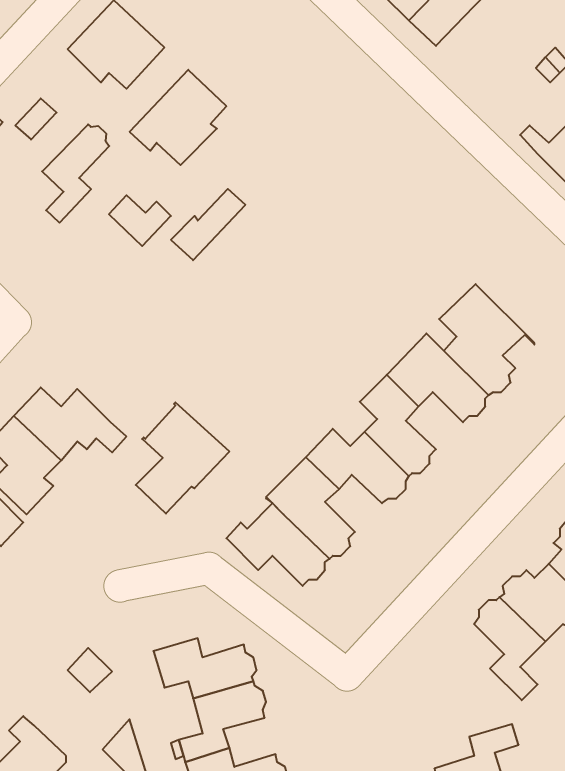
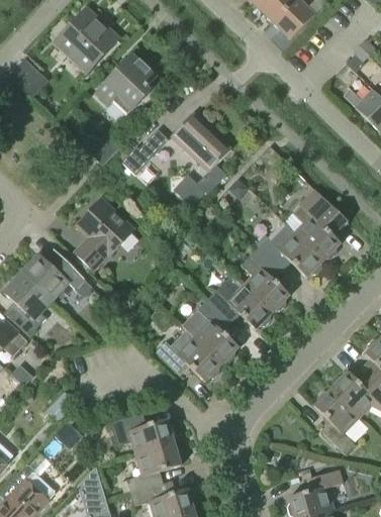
building: [42,124,109,223] -> none
building: none -> [170,111,230,205]
building: [136,402,229,514] -> [73,199,132,270]

